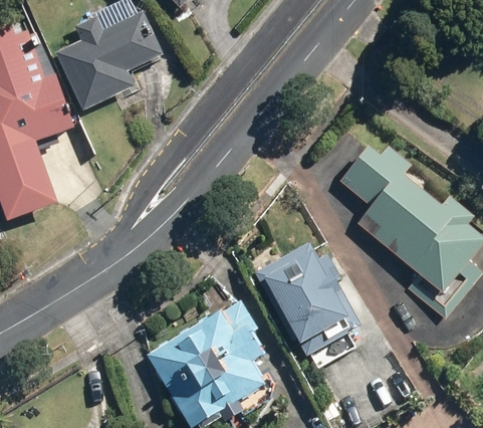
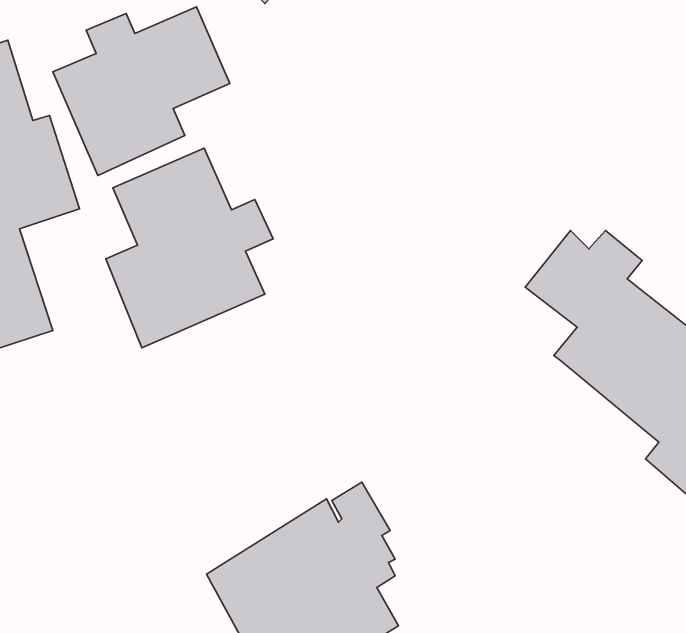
building: none -> [106,148,273,348]
building: [255,240,357,367] -> none

